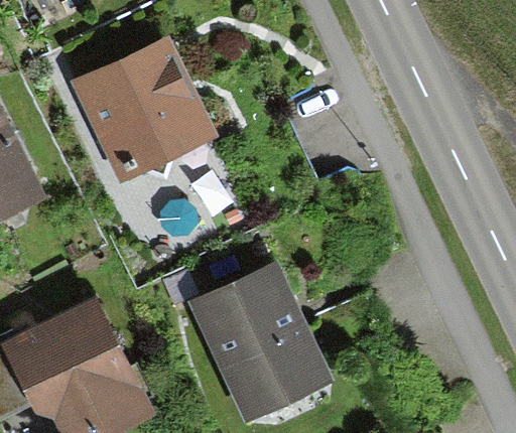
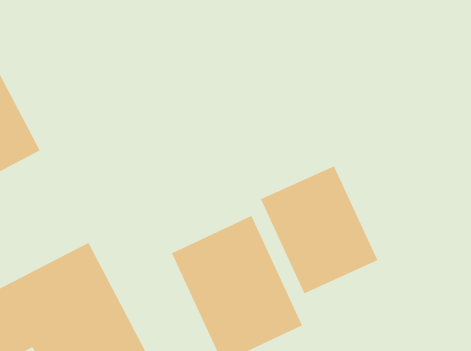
building: [73,37,215,180] -> none
building: none -> [260,165,378,294]

